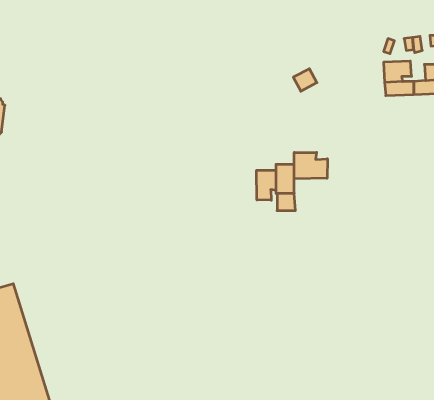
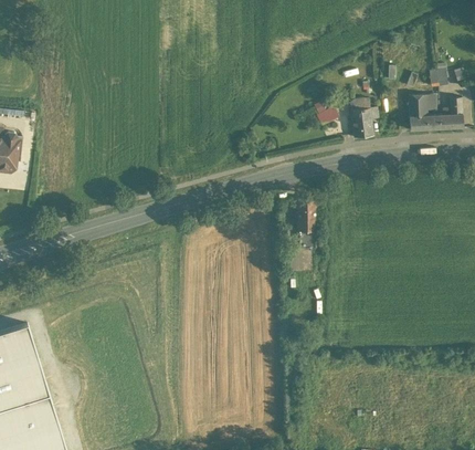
building: none -> [349,100,378,138]
building: [294,152,327,179] -> none
building: [257,170,276,200] -> none

